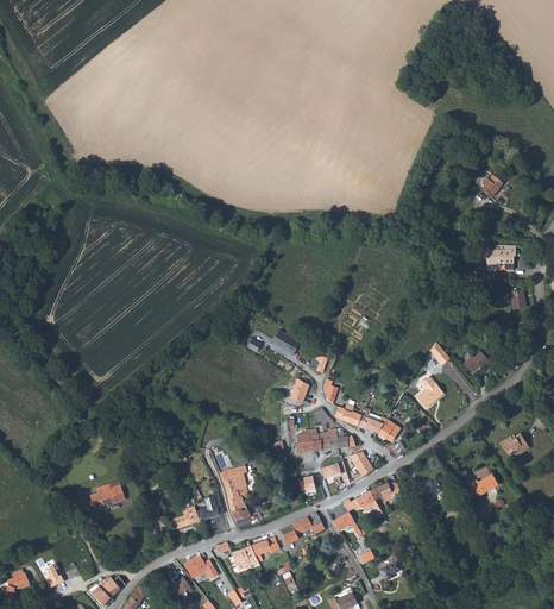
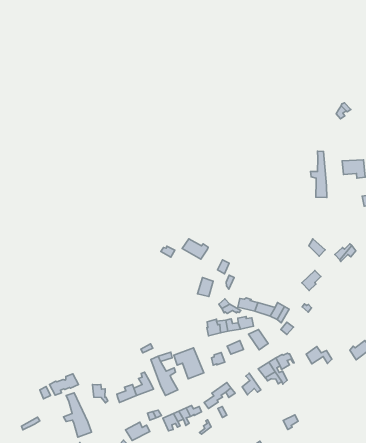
building: none -> [311,151,327,198]
building: none -> [174,348,204,379]
building: none -> [64,393,91,437]

